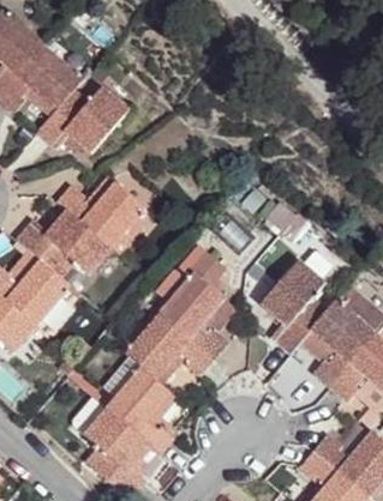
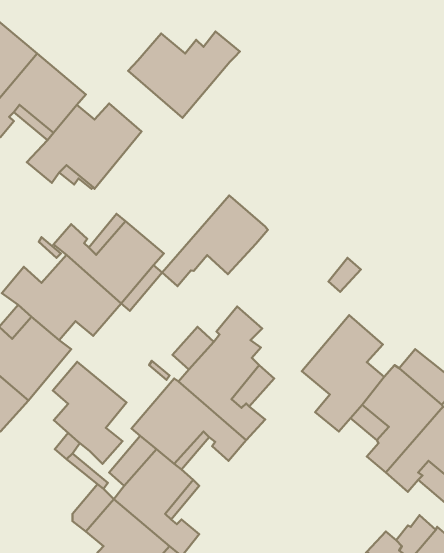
building: none -> [128,31,240,118]
building: none -> [162,195,268,286]
building: none -> [53,362,127,464]

